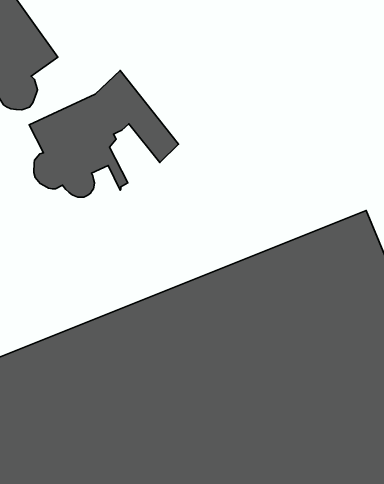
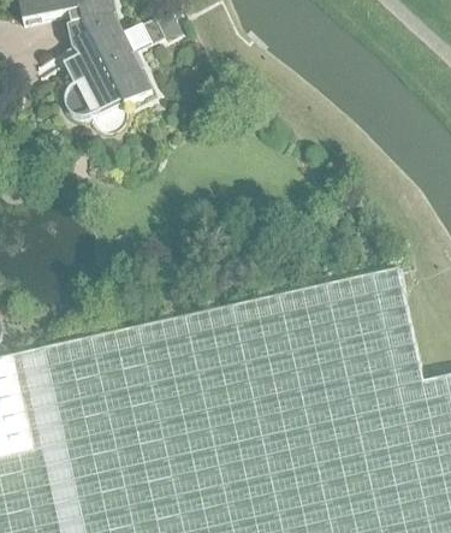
building: [29,70,178,197] -> none

